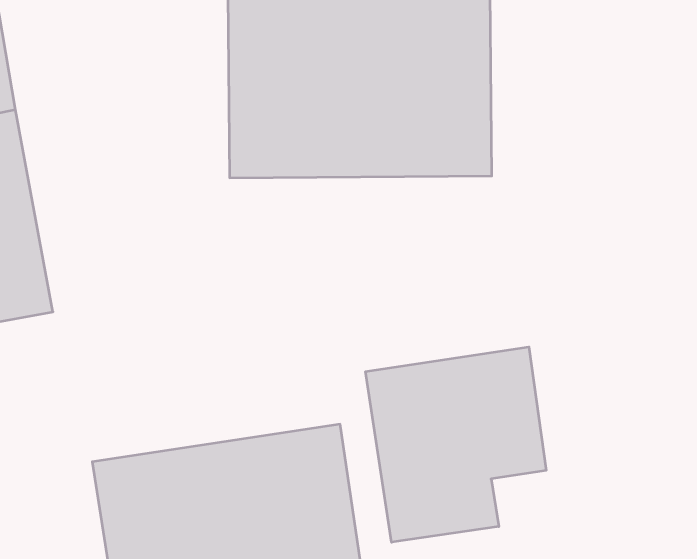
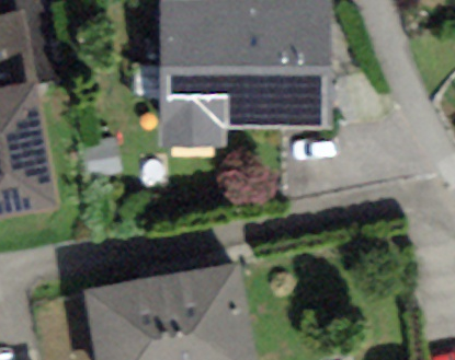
building: [366,347,546,542] -> none

